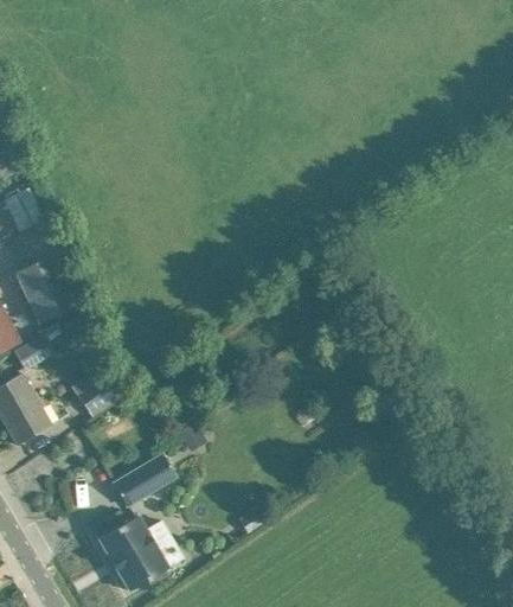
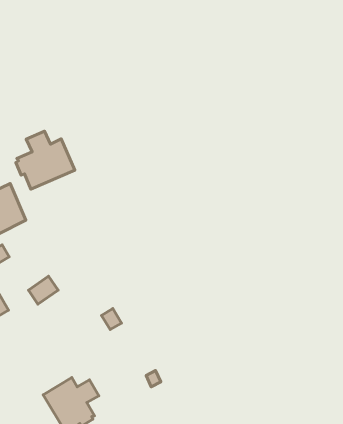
building: none -> [16,131,75,189]
building: [111,454,174,506] -> none

